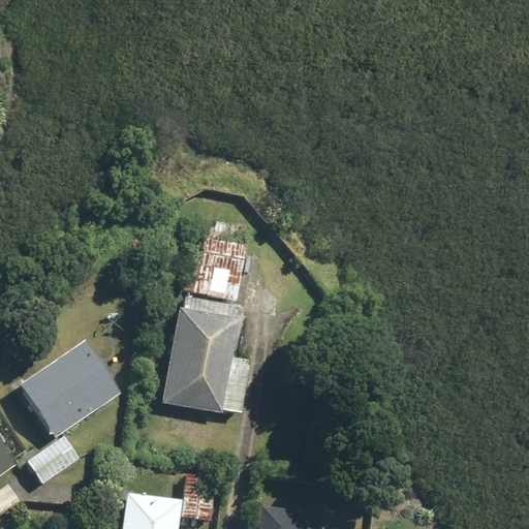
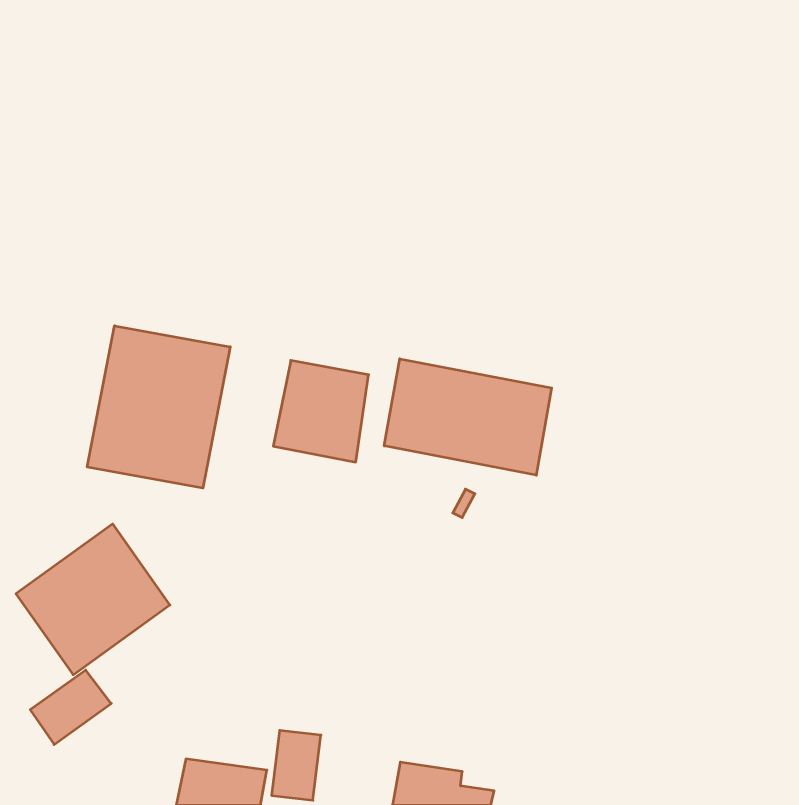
building: none -> [87,326,230,488]
building: none -> [384,359,552,475]
building: [162,308,251,413] -> none

